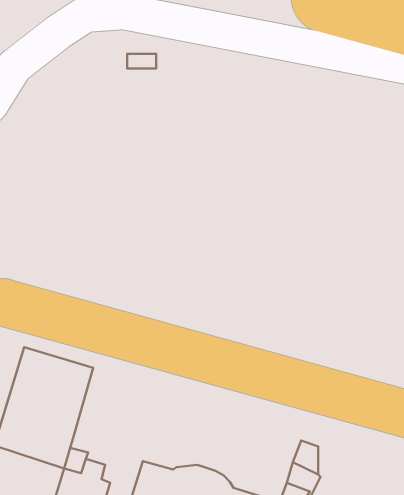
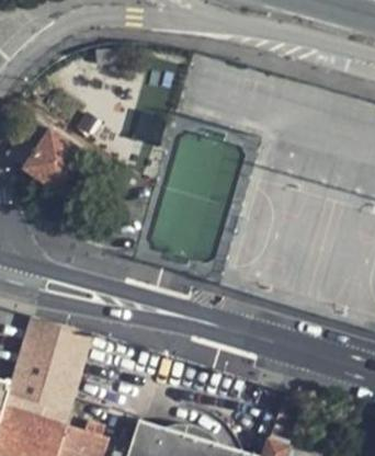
building: none -> [18,128,87,197]

